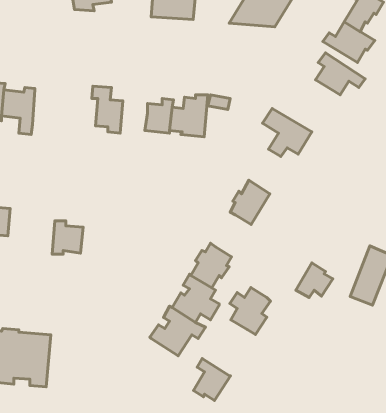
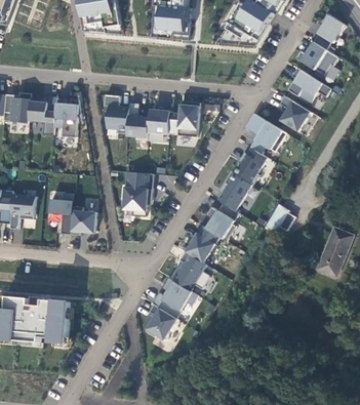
building: none -> [278,95,309,130]
building: none -> [53,97,80,136]
building: none -> [126,103,149,139]
building: none -> [233,147,266,185]
building: none -> [121,171,153,215]
building: none -> [48,192,74,234]
building: [296,263,333,297] -> [264,203,294,232]
building: [230,288,270,335] -> [204,201,238,240]
building: [193,358,231,400] -> [145,303,175,338]

